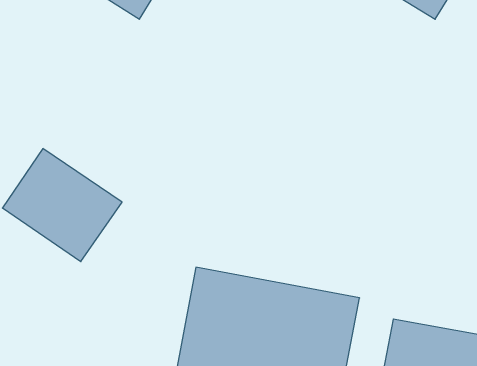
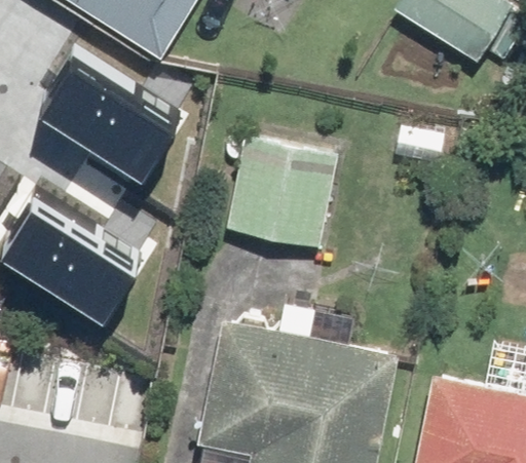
building: none -> [45,68,180,185]
building: none -> [236,140,338,249]

